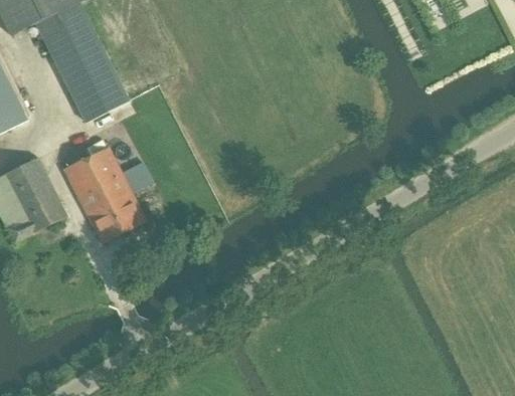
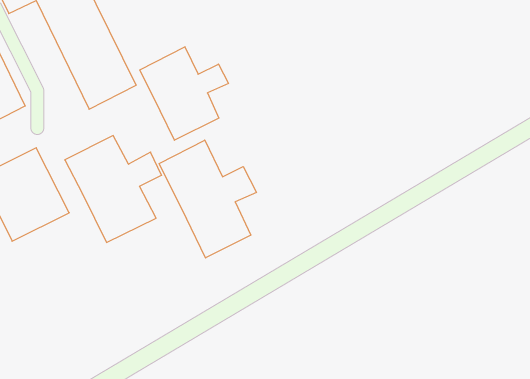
building: none -> [140,47,228,140]
building: none -> [159,140,256,258]

